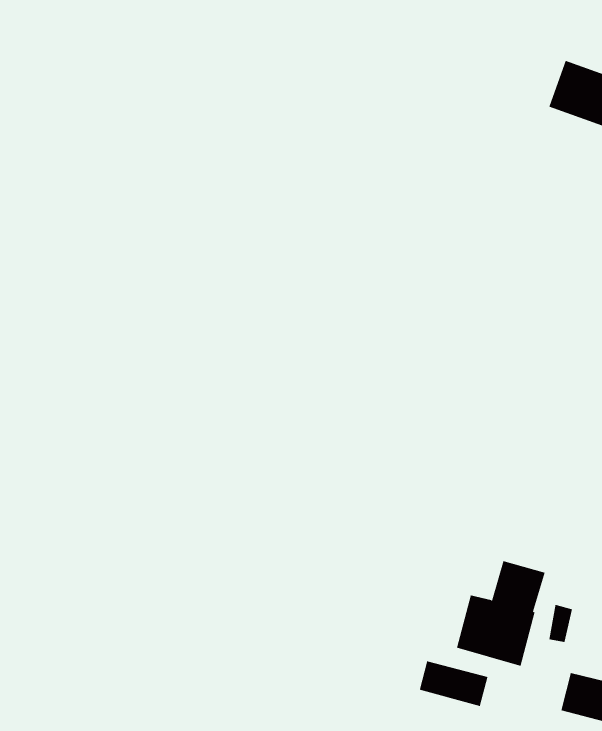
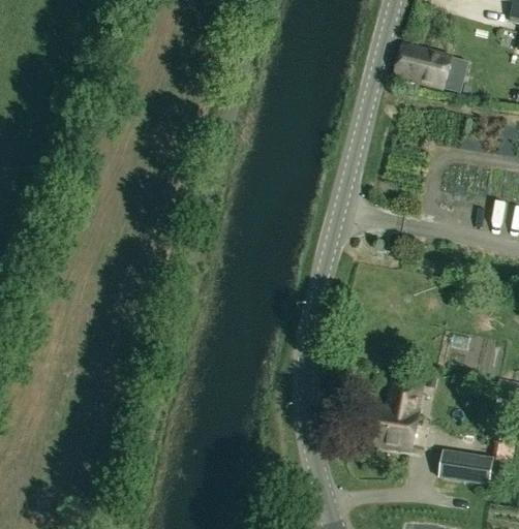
building: [419,661,488,707] -> none

